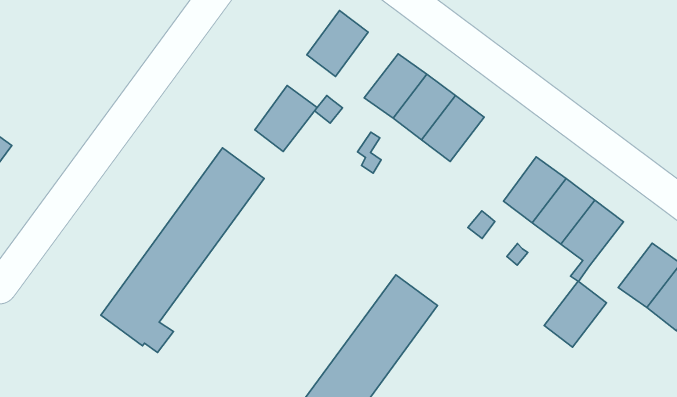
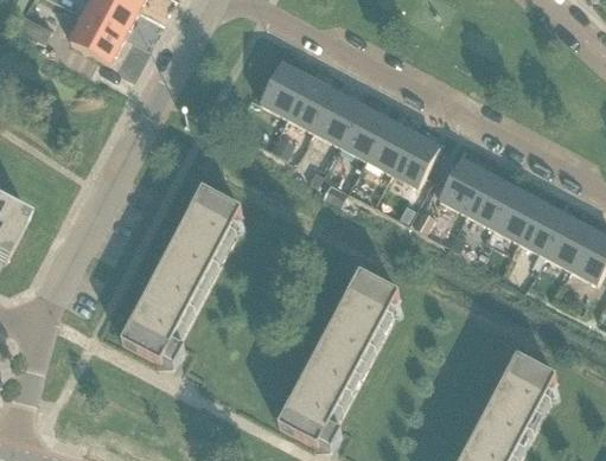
building: [255,86,317,152] -> [285,75,333,129]
building: none -> [389,130,438,207]
building: [544,281,607,347] -> [516,199,564,254]

